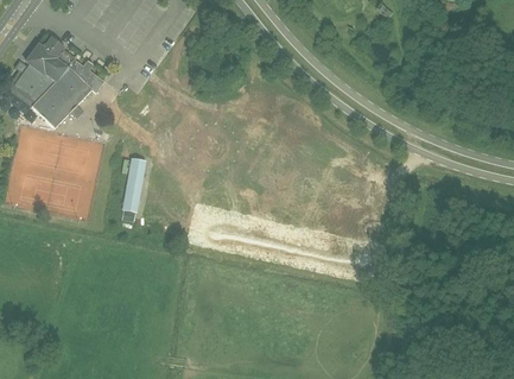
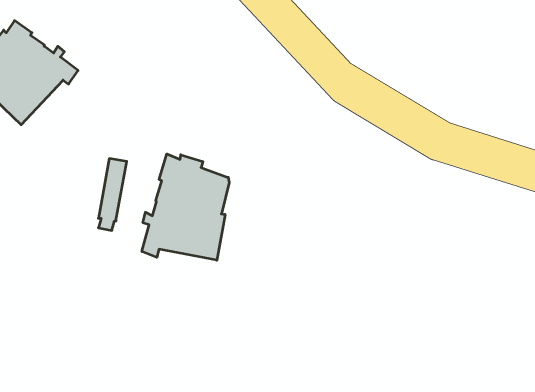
building: none -> [142,154,229,260]

